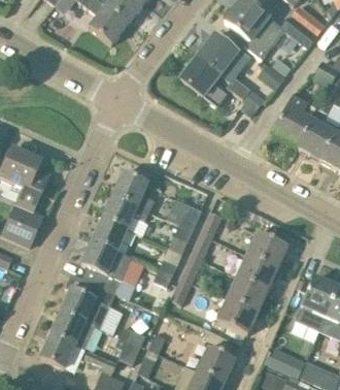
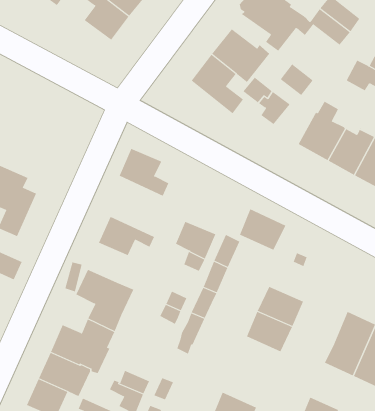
building: [111,170,155,212] -> [119,148,169,196]
building: [92,217,127,251] -> none
building: [247,231,287,267] -> [239,209,286,251]
building: [217,297,258,333] -> none

